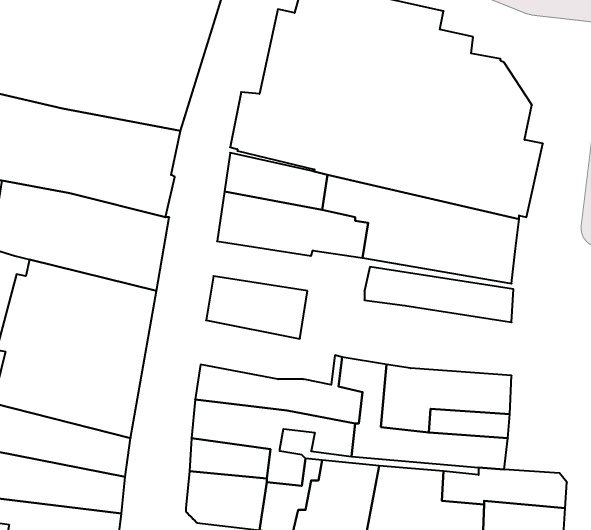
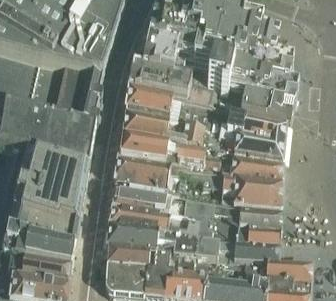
building: none -> [120,137,205,169]
building: none -> [221,172,282,207]
building: none -> [113,187,186,215]

